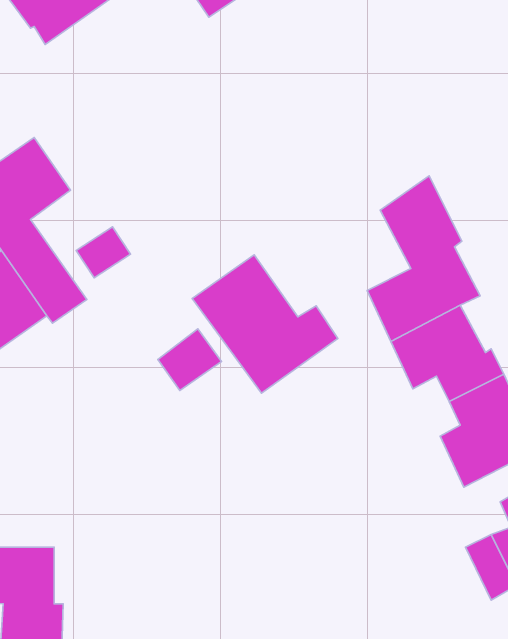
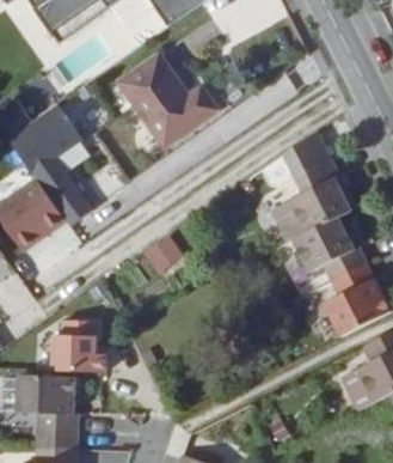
building: [192,255,338,393] -> [122,55,217,146]
building: none -> [54,317,106,368]

